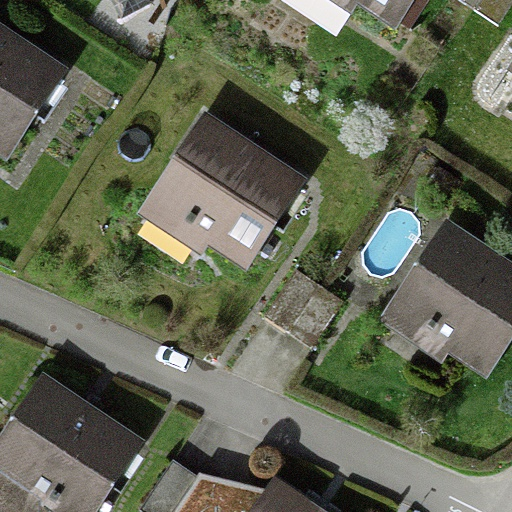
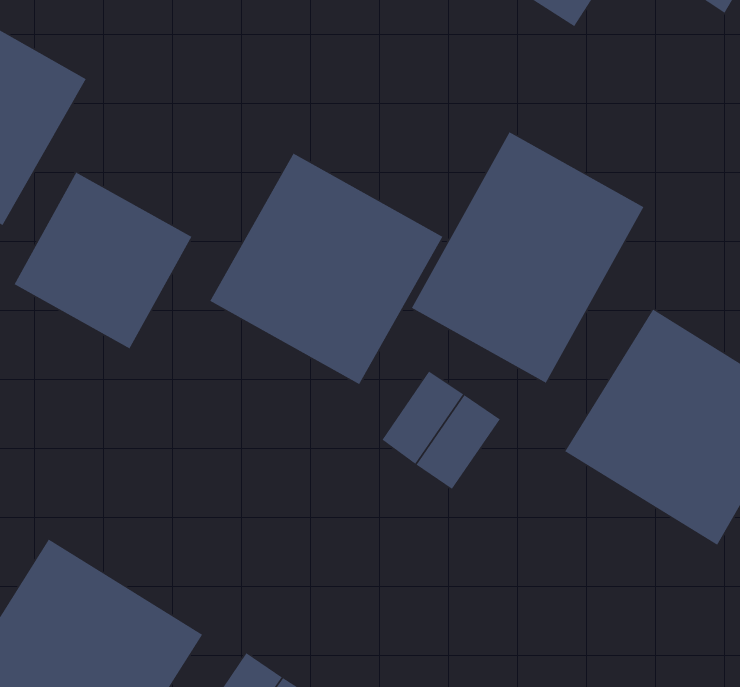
building: none -> [411,131,644,384]
building: none -> [13,171,192,350]

